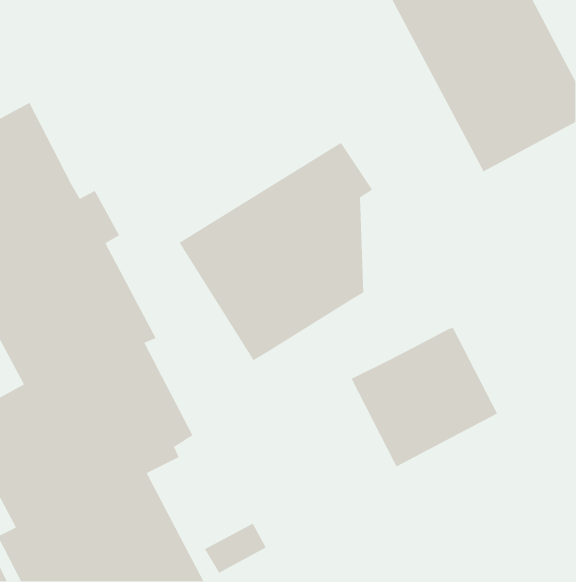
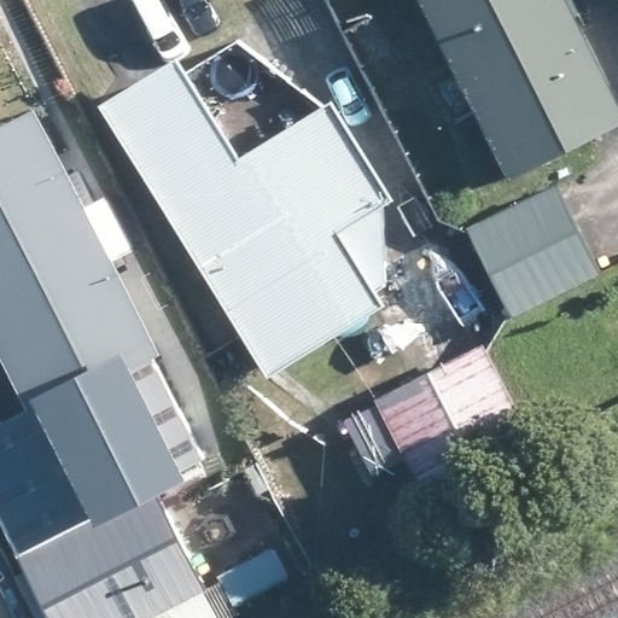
building: none -> [97,60,360,256]
building: none -> [459,182,599,322]

